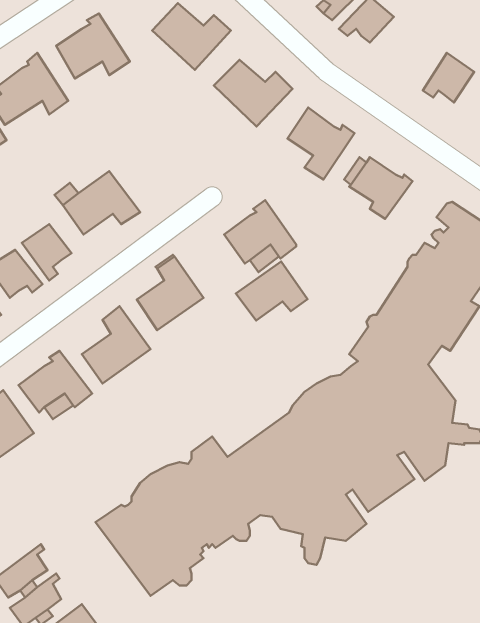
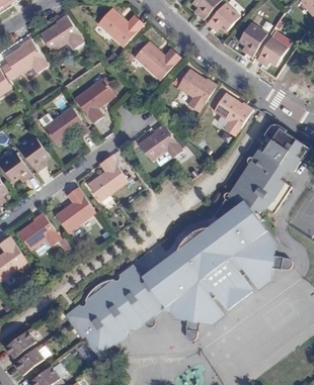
building: none -> [238,22,266,57]
building: none -> [75,78,113,122]
building: [236,262,308,321] -> none

